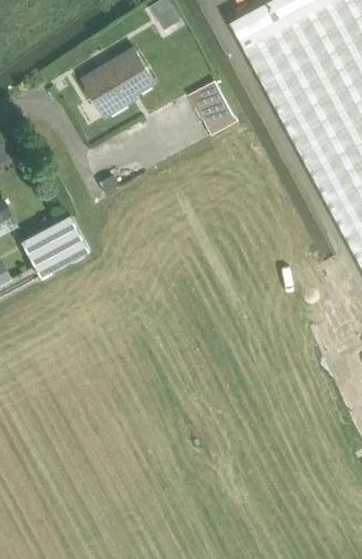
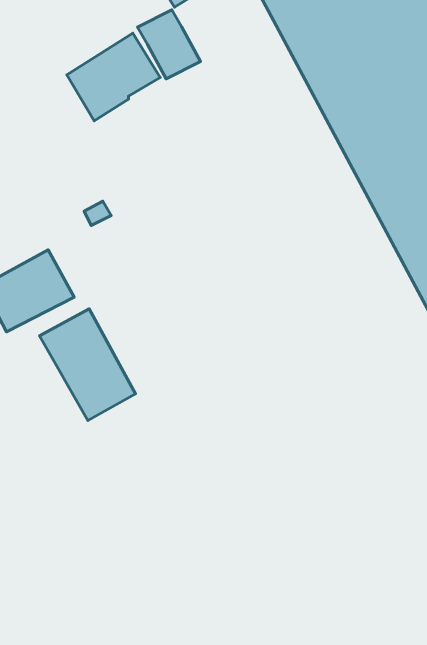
building: [189,82,237,134] -> [137,10,200,79]
building: none -> [40,309,135,420]

